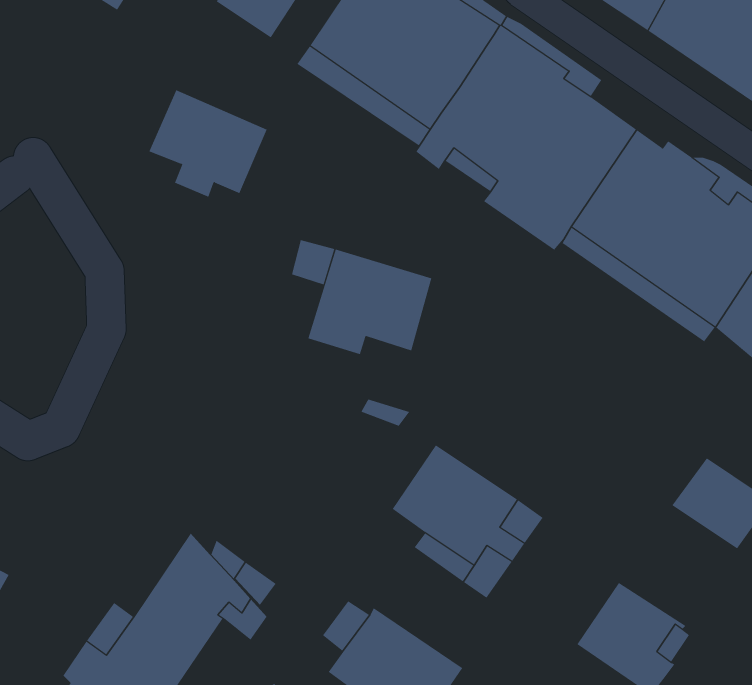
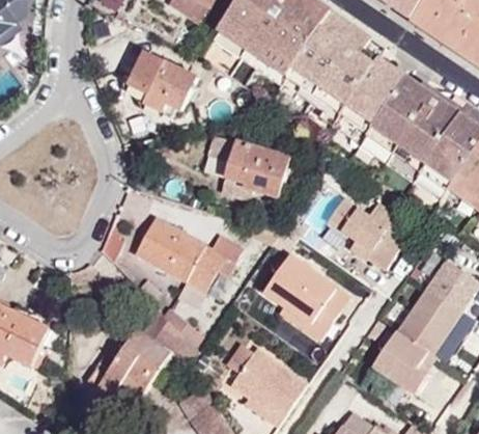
building: none -> [323,196,403,267]
building: none -> [132,217,234,307]
building: none -> [396,288,463,356]

